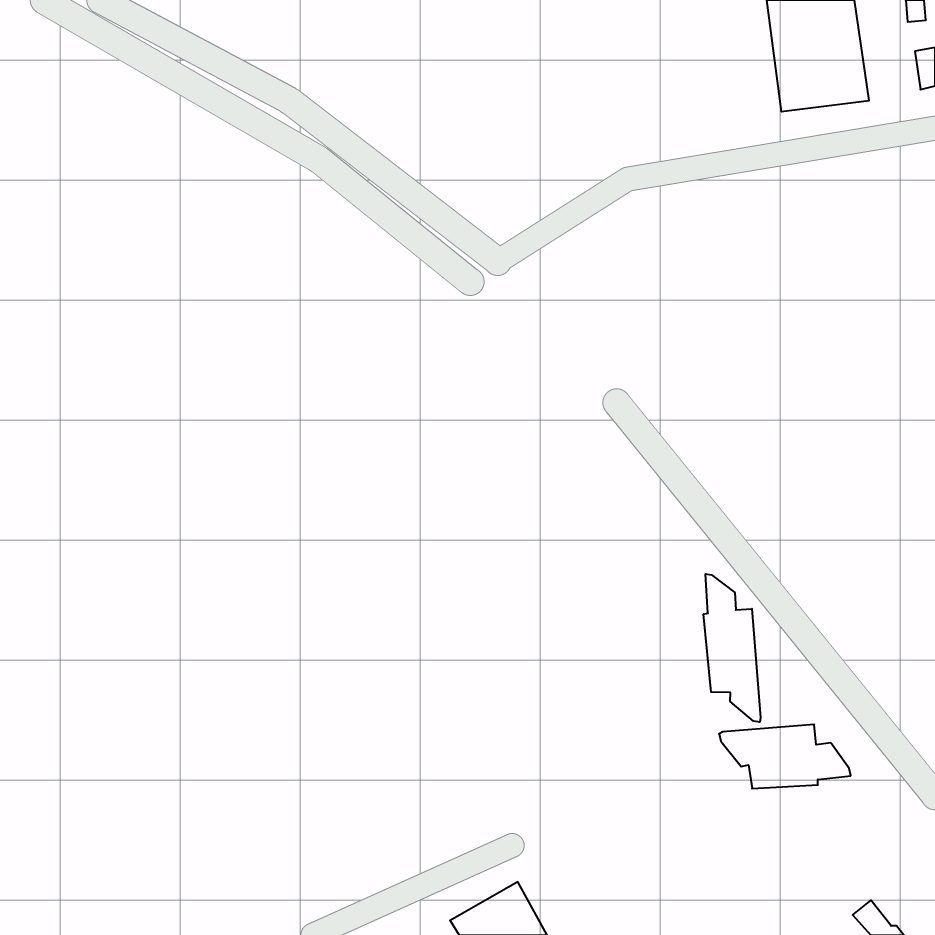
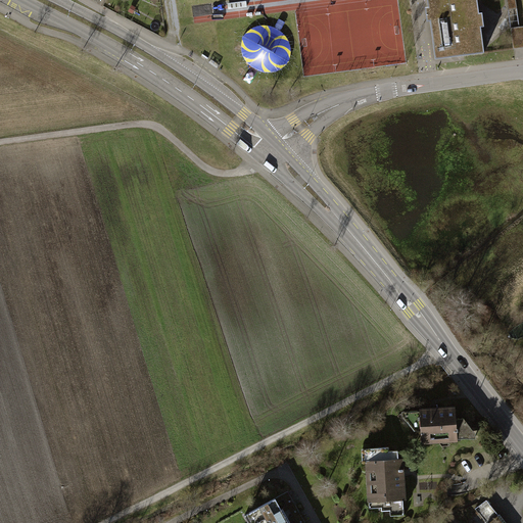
building: [704,574,761,722] -> none
building: none -> [360,450,406,518]

